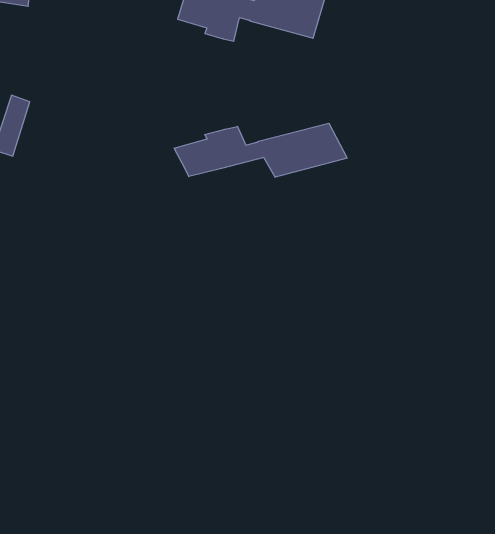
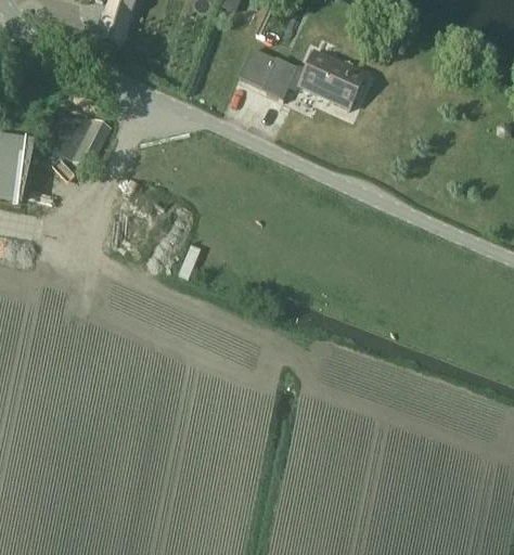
building: [174,123,347,177] -> none

